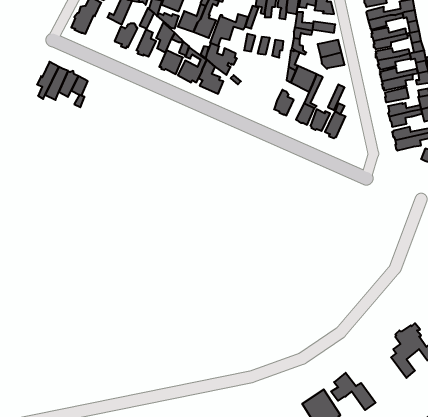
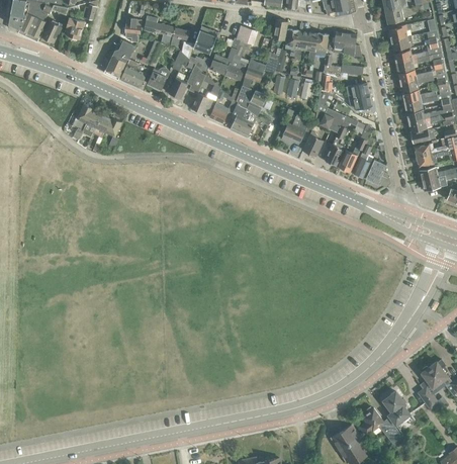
building: none -> [120,59,149,87]
building: none -> [283,115,313,142]
building: none -> [366,159,390,187]
building: none -> [383,391,409,425]

